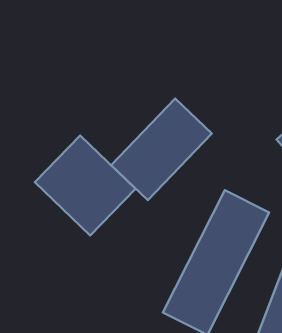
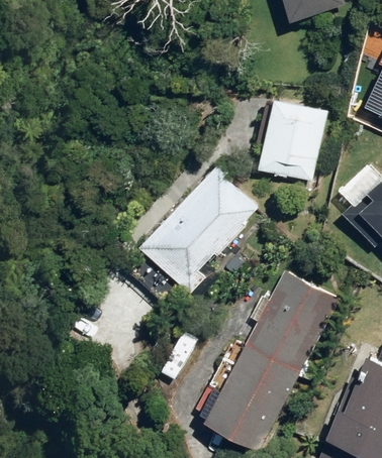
building: none -> [257,98,326,185]
building: [35,135,135,236] -> none

